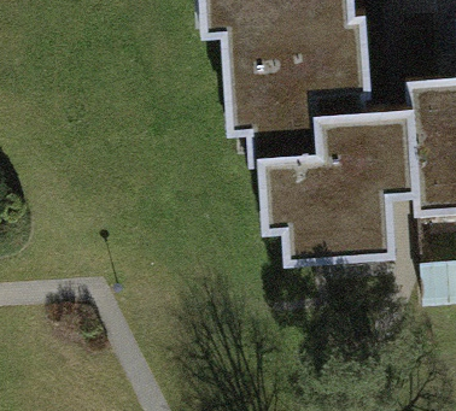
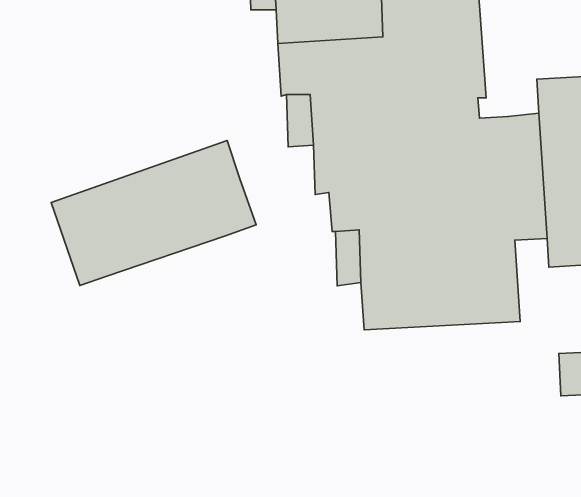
building: none -> [51,141,256,286]

